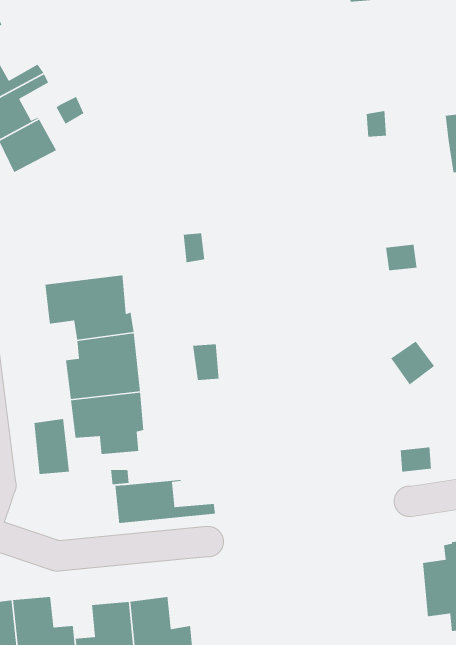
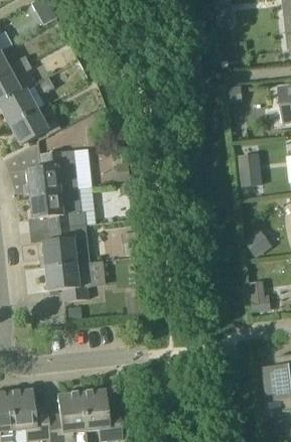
building: none -> [9,110,60,144]
building: none -> [25,149,78,193]
building: [33,418,70,475] -> none
building: [114,479,216,524] -> none

